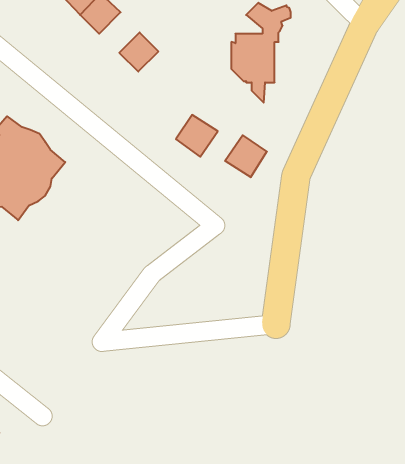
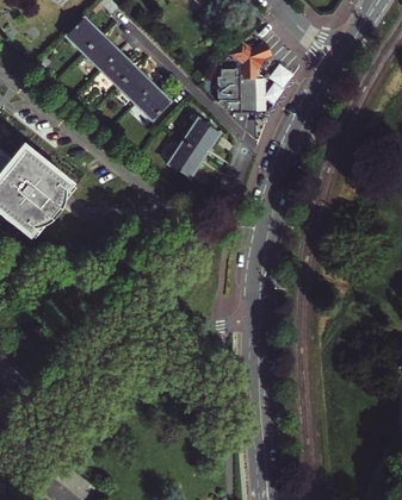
building: none -> [101,52,137,88]
building: none -> [136,87,172,121]
building: [225,135,267,177] -> [184,120,221,157]

